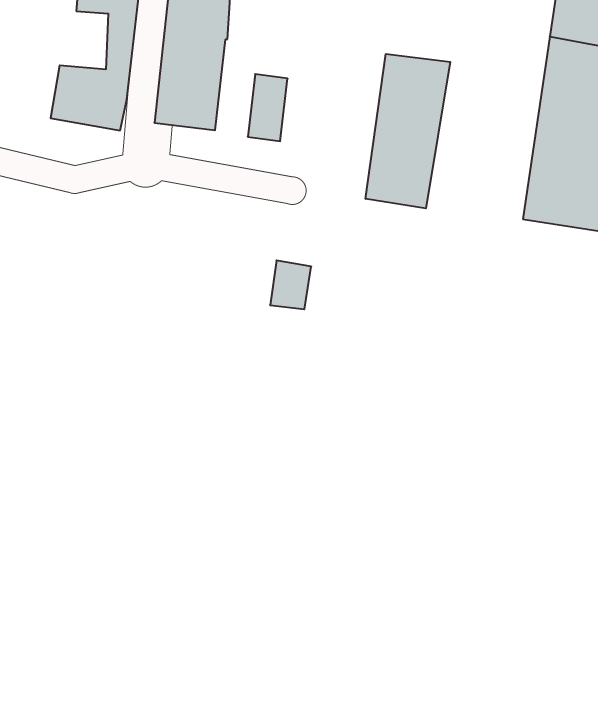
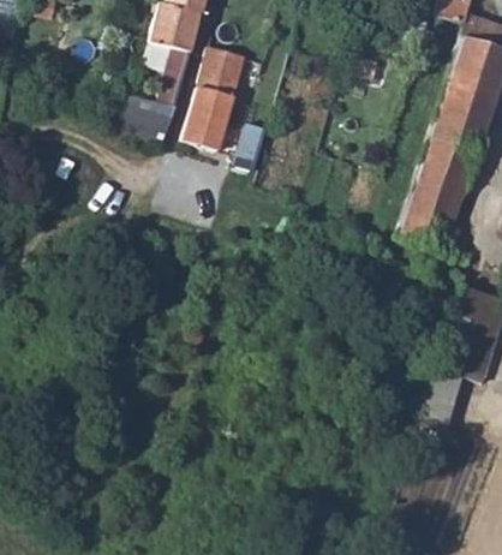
building: [366,54,450,208] -> none

